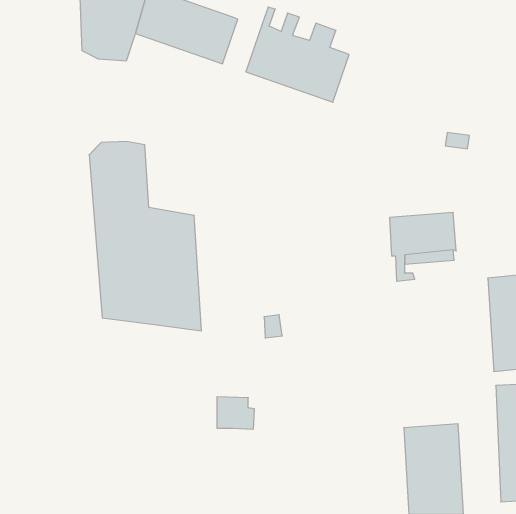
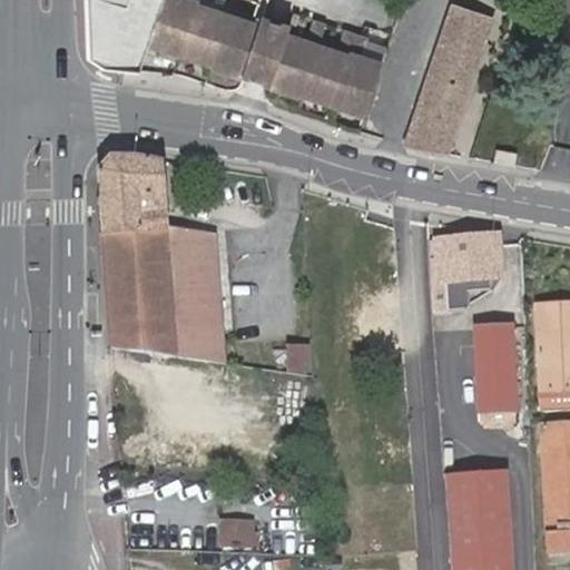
building: none -> [405,7,492,155]
building: none -> [246,21,289,79]
building: none -> [476,327,518,421]
building: [217,397,254,429] -> [220,517,262,552]

